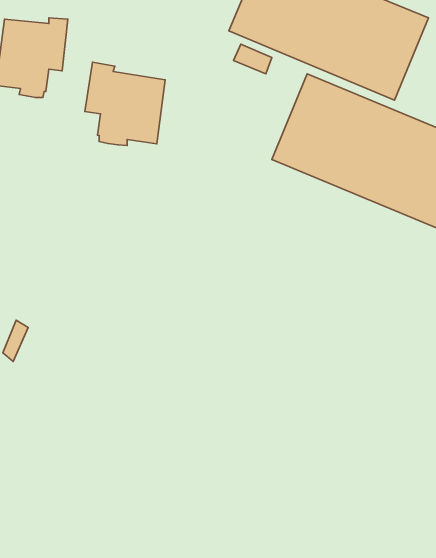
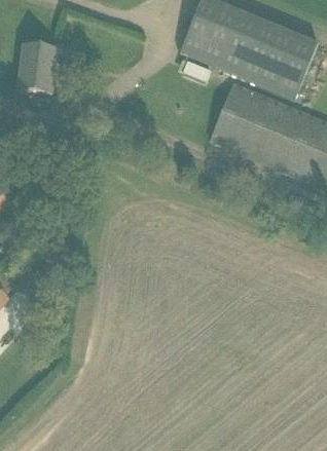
building: [85,62,165,145] -> none

